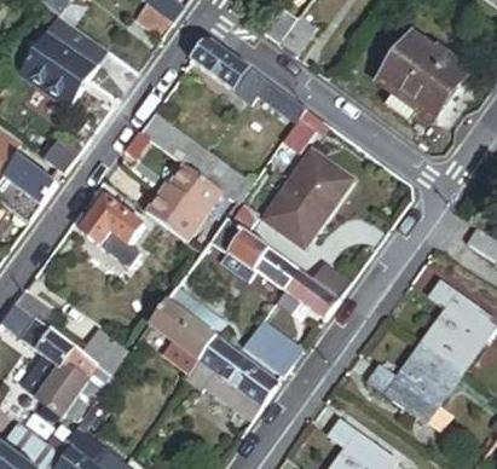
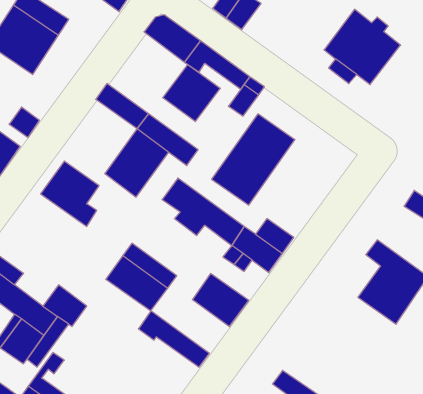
building: none -> [163,64,220,122]
building: [196,335,277,405] -> none
building: [366,344,460,423] -> none

